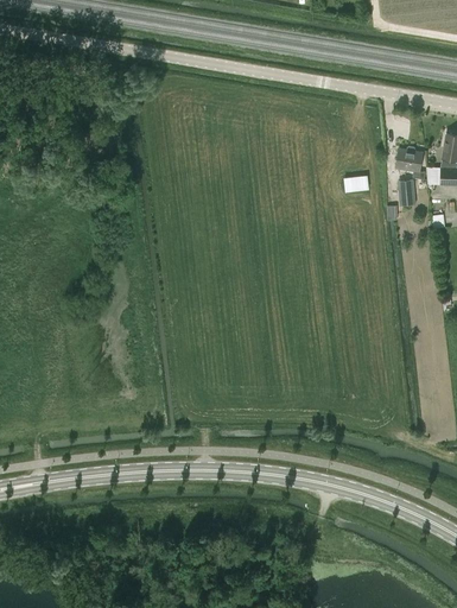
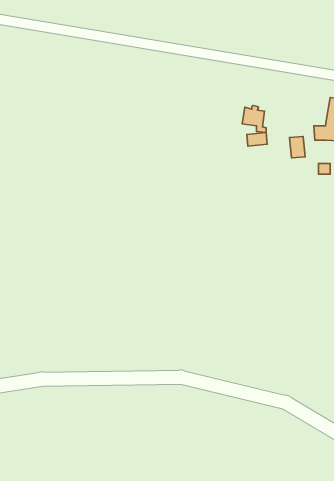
building: [395,146,425,179] -> [242,105,266,133]

